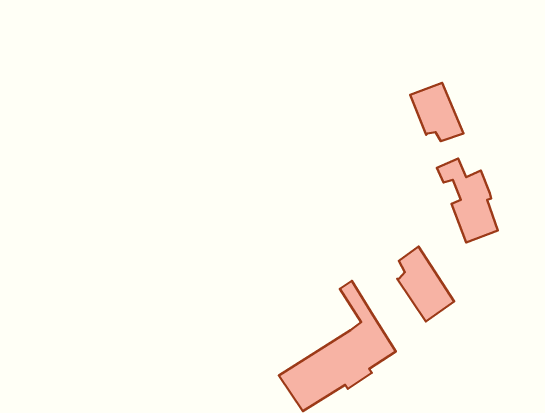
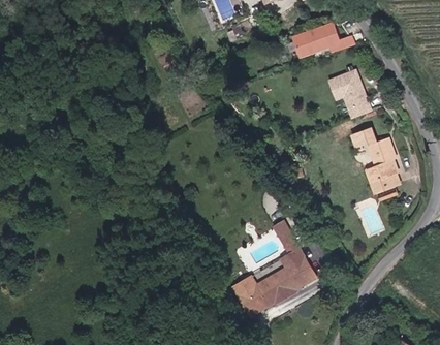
building: none -> [294,30,352,54]
building: [397,246,454,322] -> none

